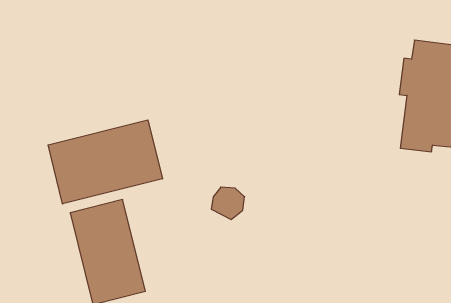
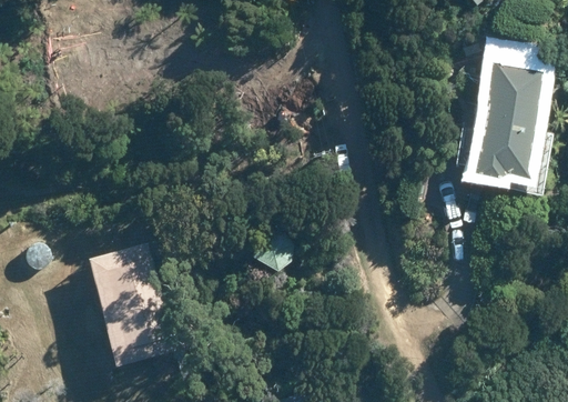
building: [48,120,162,204] -> none

